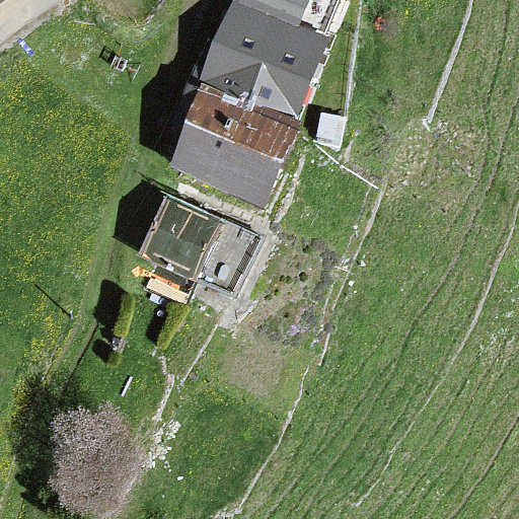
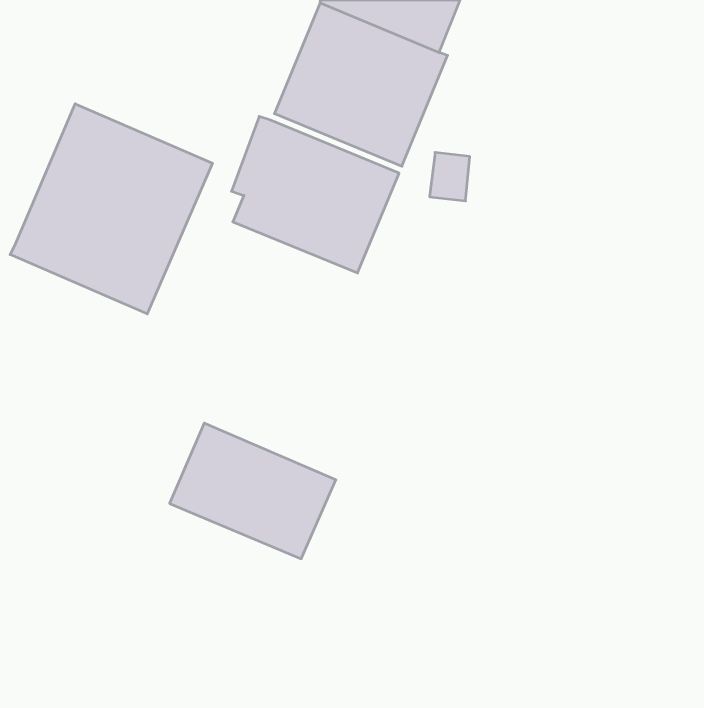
building: none -> [10,104,212,314]
building: [139,197,261,296] -> [170,423,336,559]

